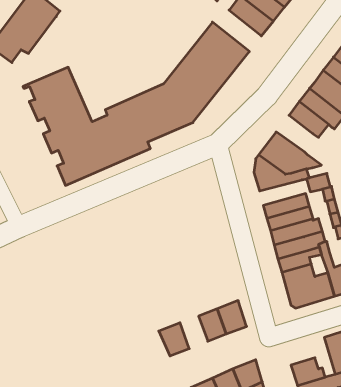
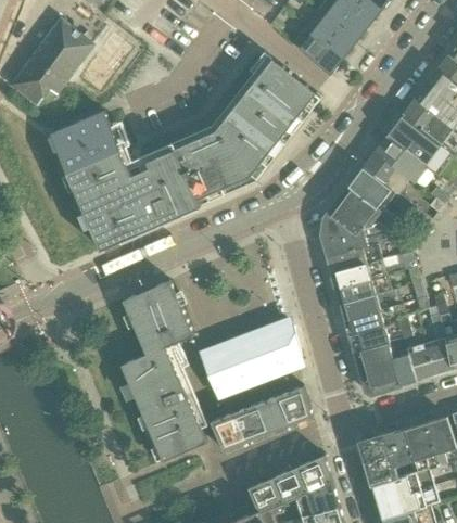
building: none -> [347,167,391,214]
building: none -> [328,243,382,273]
building: none -> [120,279,207,461]
building: none -> [202,322,302,392]
building: none -> [234,404,267,442]
building: none -> [360,429,417,475]

